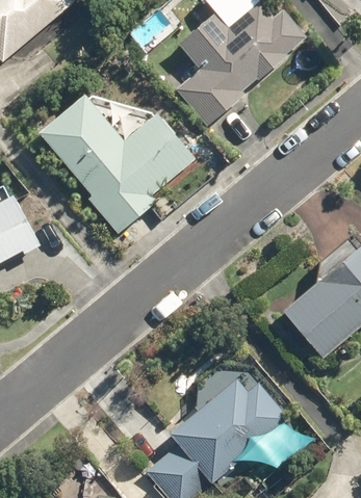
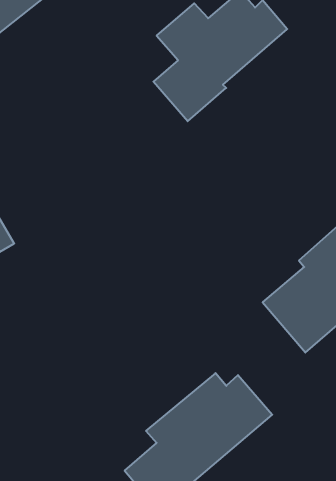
building: [35,99,196,237] -> none

